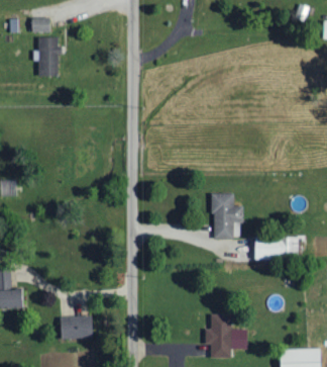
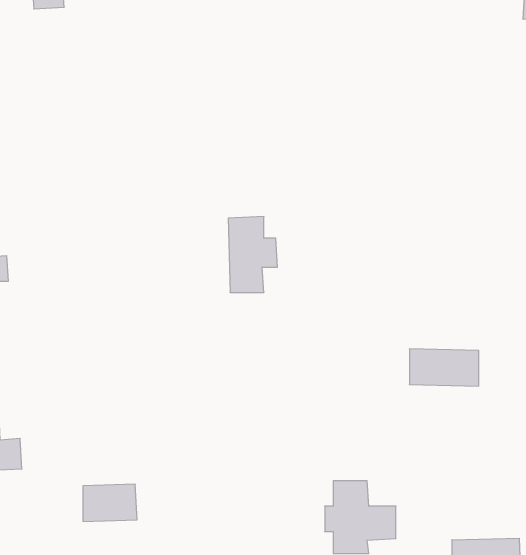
building: [33,37,59,76] -> none
building: [212,193,241,239] -> [228,216,277,292]

